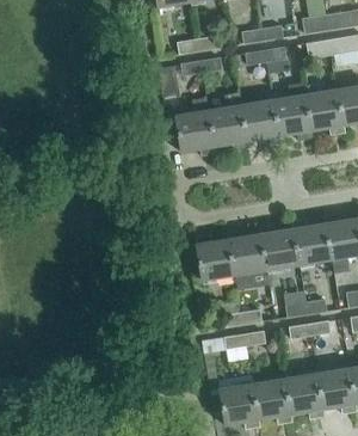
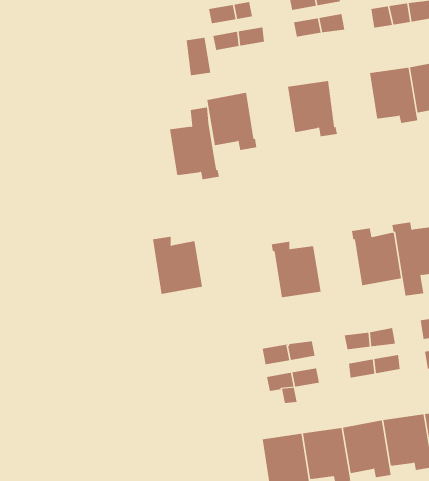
building: [208,92,248,151] -> [169,107,220,180]
building: [273,94,313,141] -> none
building: [259,225,300,270] -> none
building: [195,234,235,281] -> [152,236,203,294]

